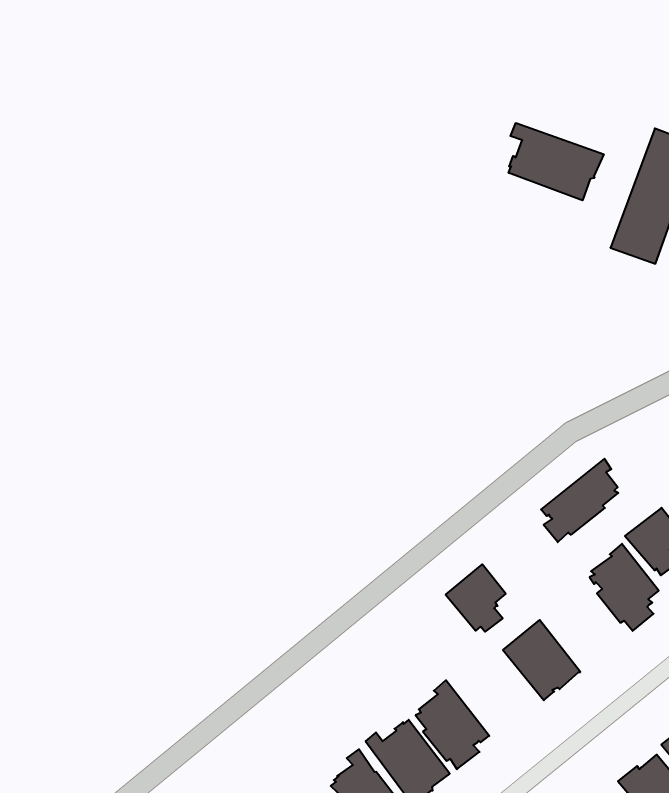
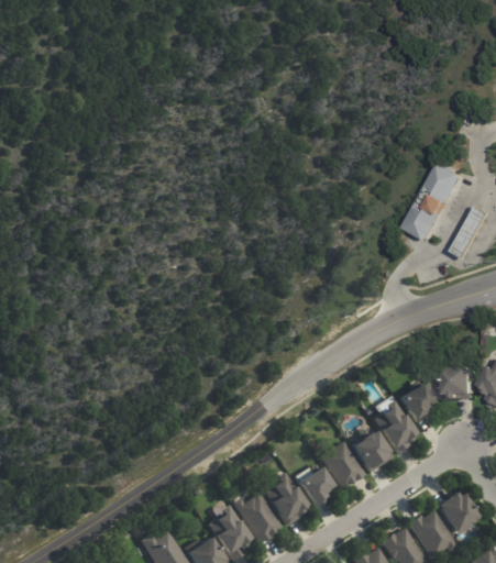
building: [509,123,604,200] -> none
building: [541,459,618,542] -> none
building: [446,564,506,632] -> [295,467,330,507]
building: none -> [350,431,390,472]

